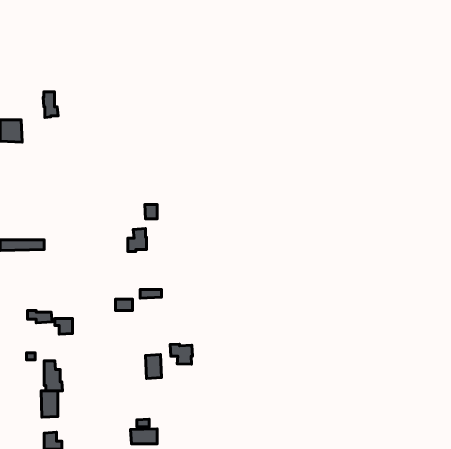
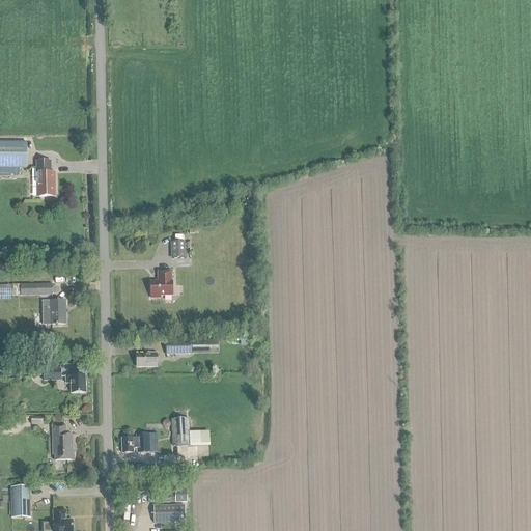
building: [43,92,58,118] -> [36,166,54,196]
building: none -> [41,299,65,324]
building: [170,344,192,364] -> none
building: none -> [121,432,150,452]
building: [41,391,58,417] -> [10,486,30,518]

